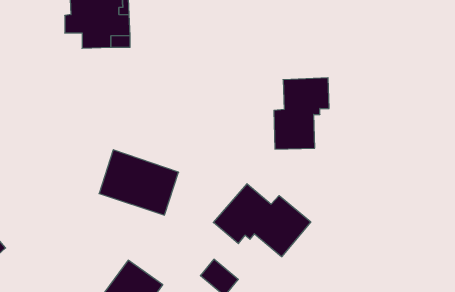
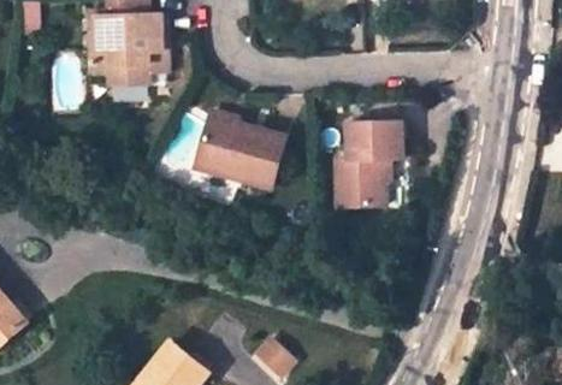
building: [99,150,179,215] -> [195,112,289,189]
building: [213,184,311,257] -> none

